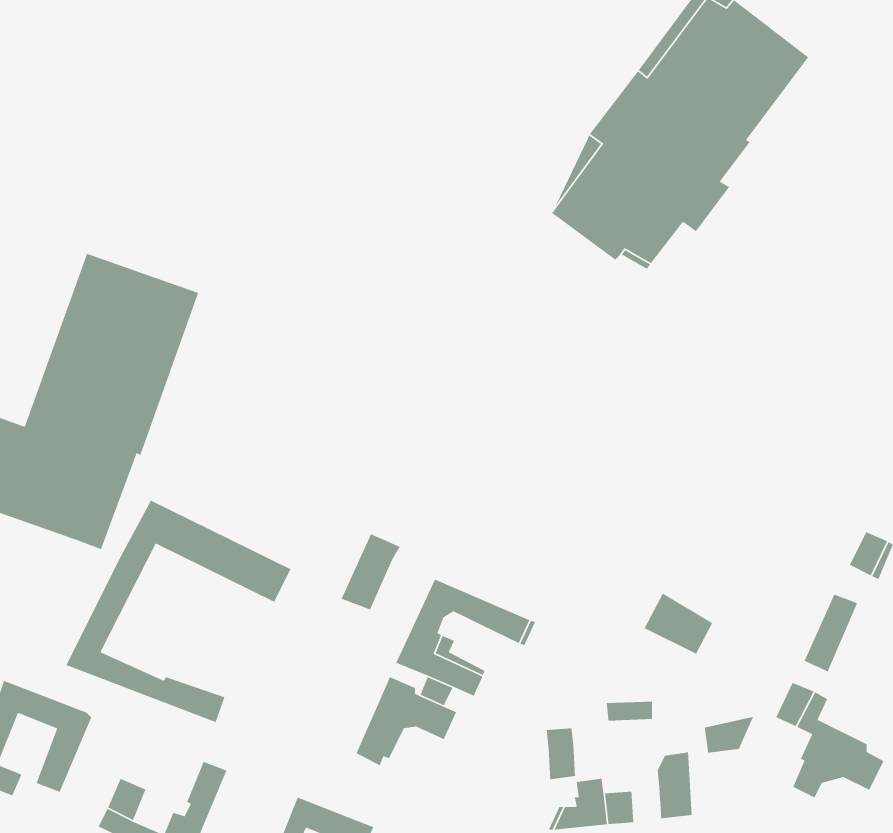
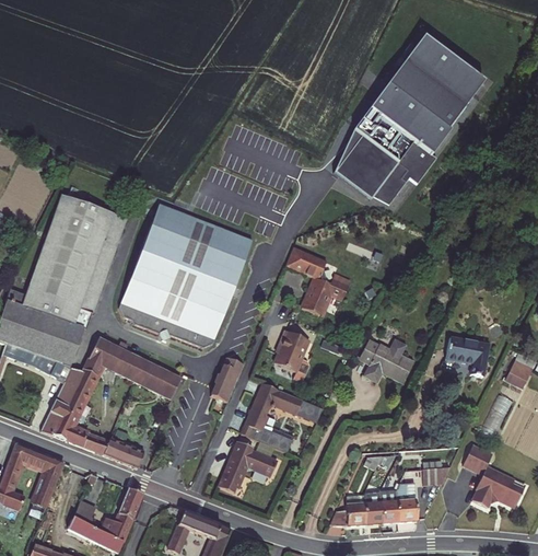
building: none -> [120,205,254,348]
building: none -> [288,248,352,315]
building: none -> [274,331,309,382]
building: none -> [447,339,488,378]
building: none -> [39,361,82,433]
building: [644,593,713,655] -> [373,341,413,378]
building: [546,728,576,780] -> [378,495,396,525]

